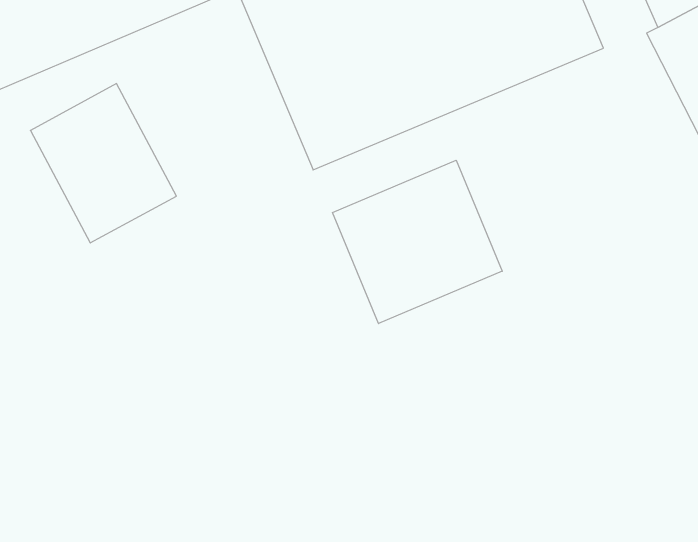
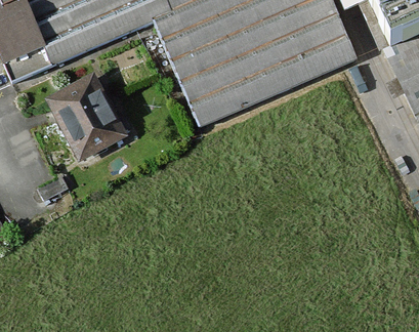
building: [332,160,502,324] -> none

